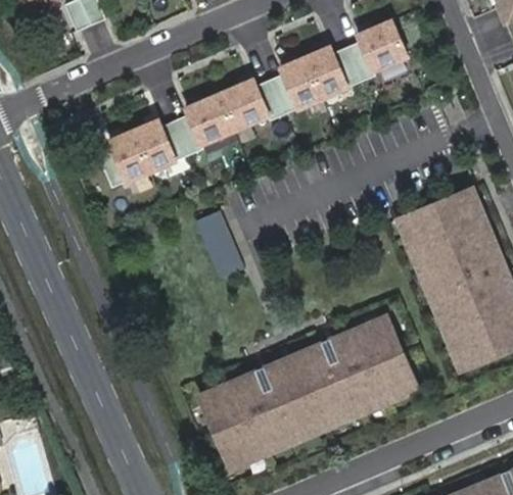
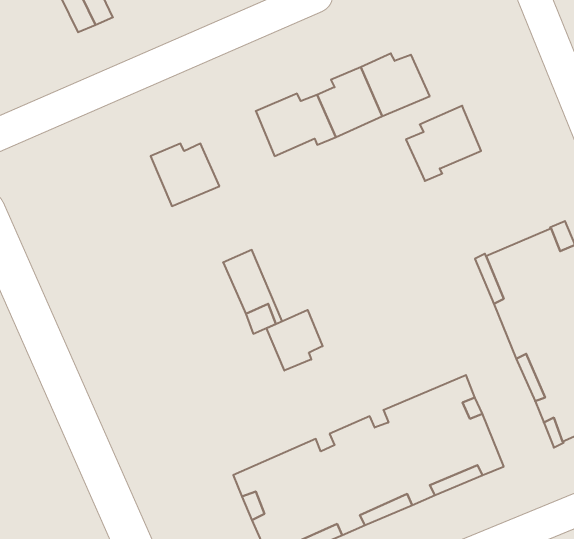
building: [346,21,408,83] -> [406,106,481,181]
building: [175,95,235,156] -> none
building: [98,132,151,189] -> none
building: none -> [266,310,323,371]

